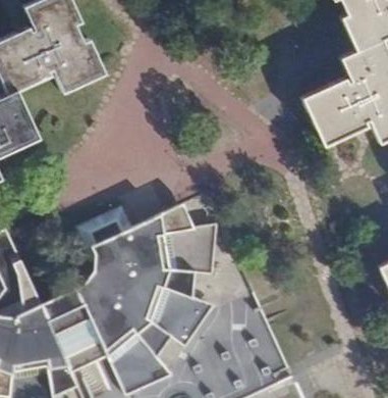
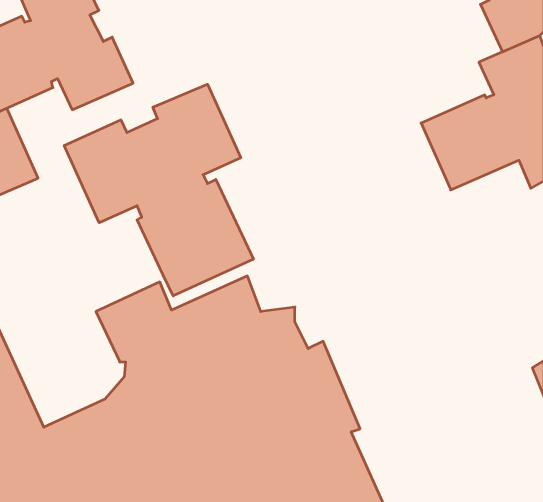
building: none -> [64,84,253,296]

